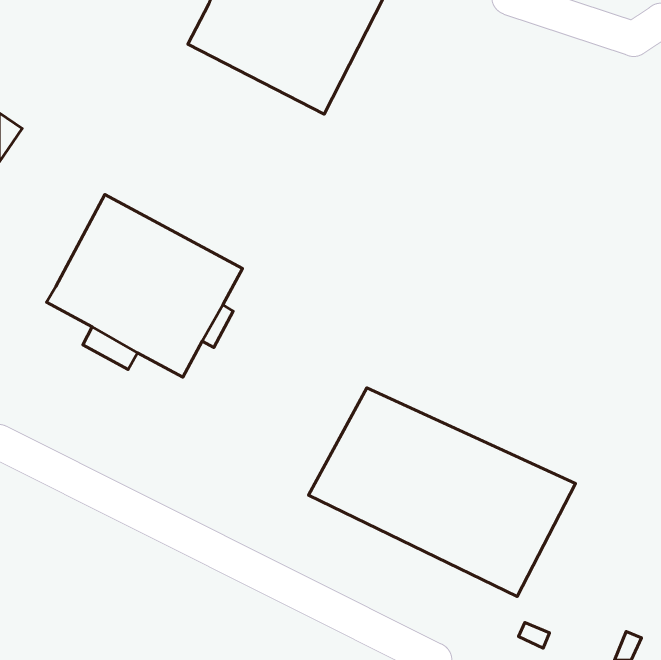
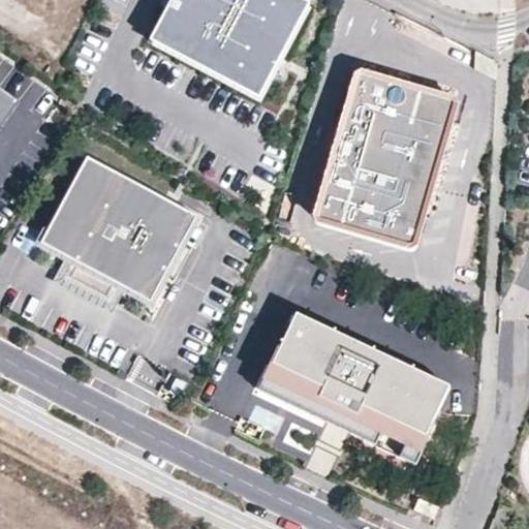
building: none -> [316,68,453,241]

